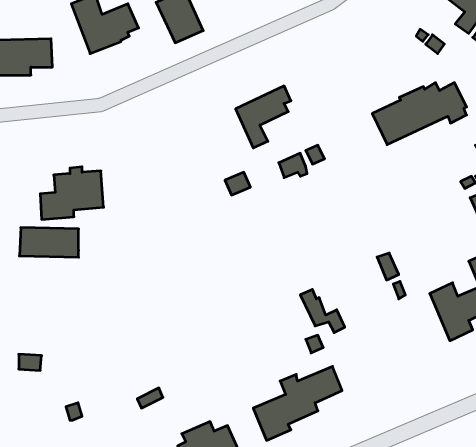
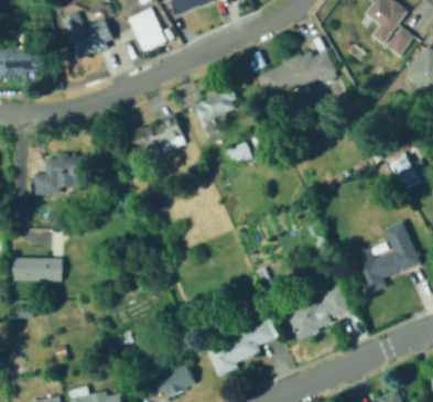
building: [372,83,467,145] -> [259,50,336,100]
building: none -> [125,113,185,156]
building: [19,228,79,257] -> [13,257,62,281]
building: none -> [285,286,350,339]

